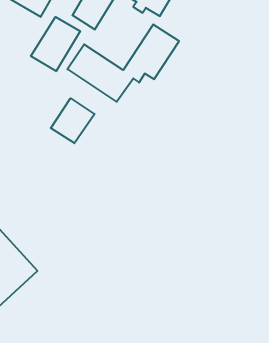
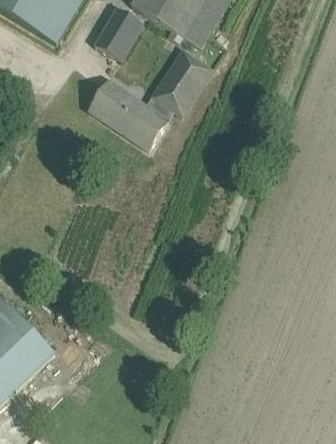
building: [31,17,80,71] -> none
building: [51,98,95,143] -> none

